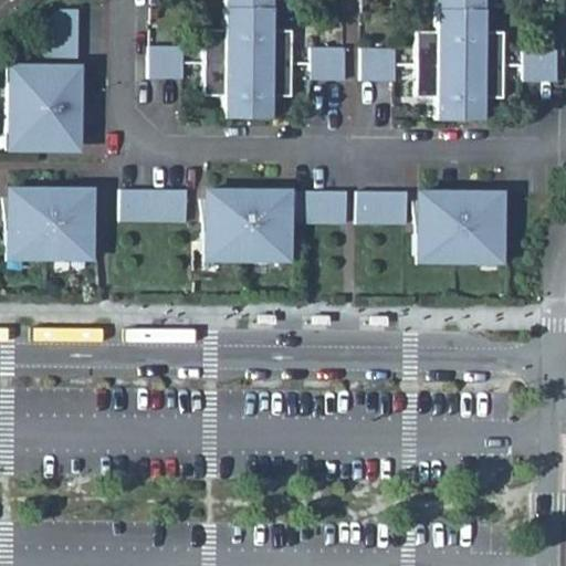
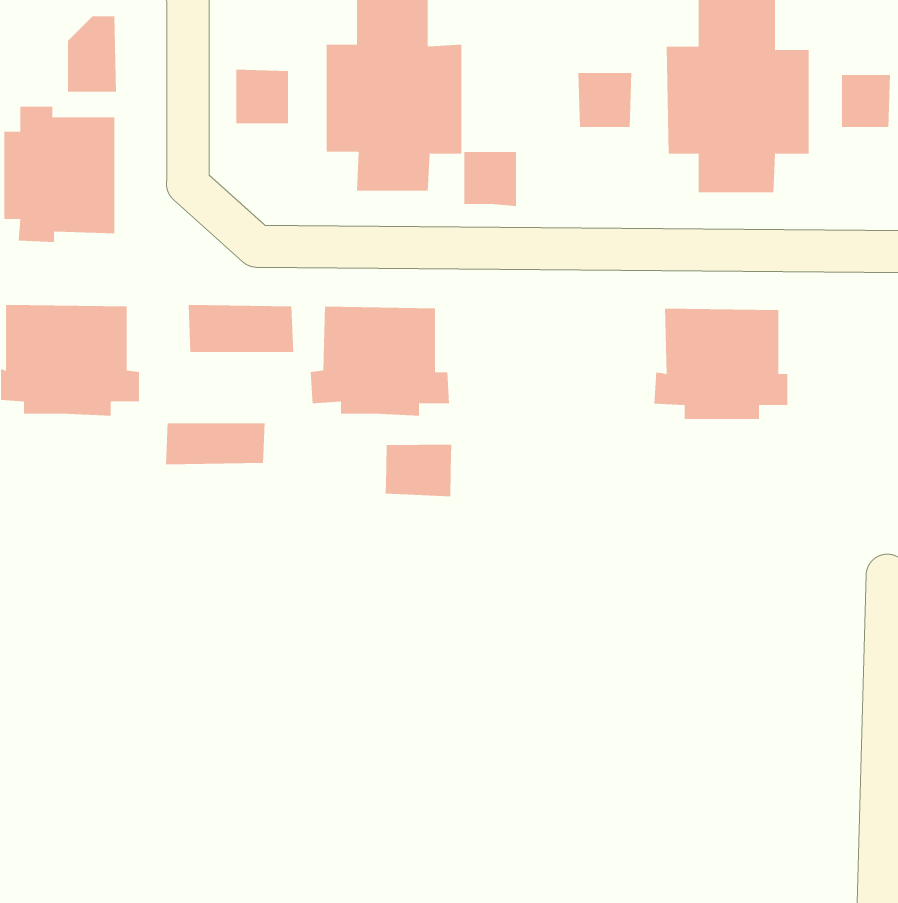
building: [316,45,349,80] -> [464,151,517,206]
building: [294,192,342,220] -> none
building: [354,192,402,220] -> none
building: none -> [165,422,265,465]
building: none -> [385,444,452,497]

